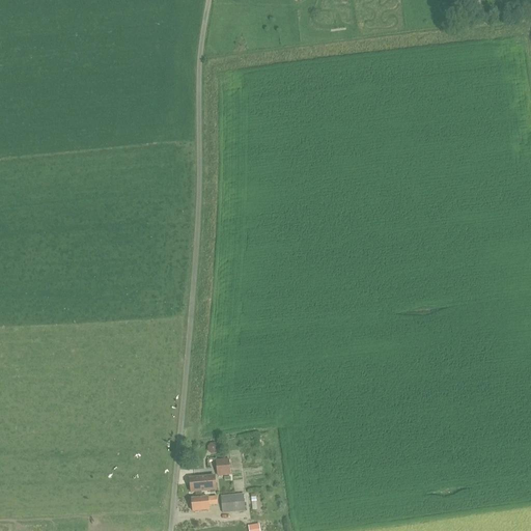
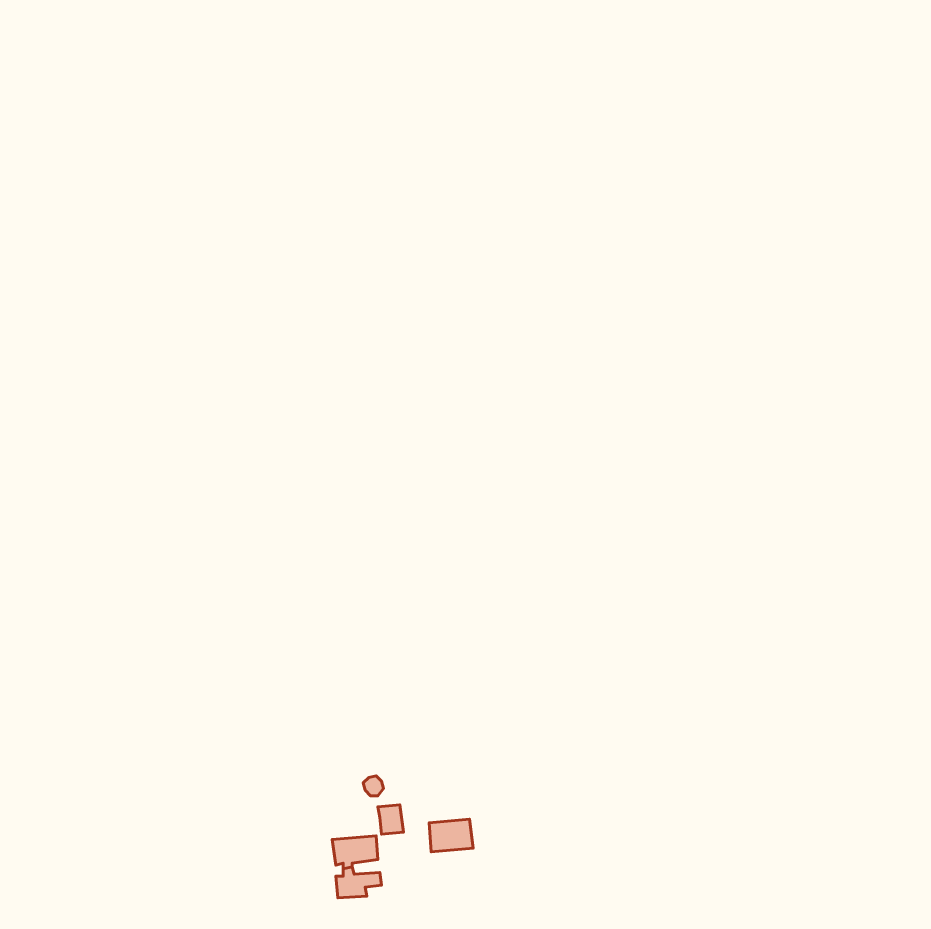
building: [220,493,245,511] -> [429,819,473,852]

